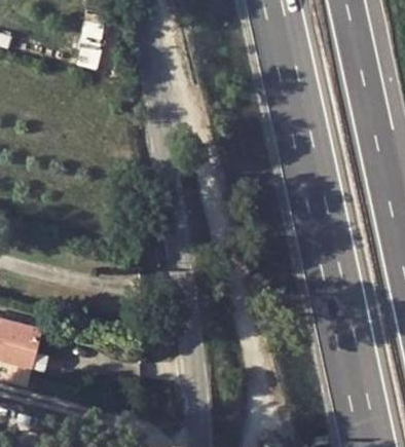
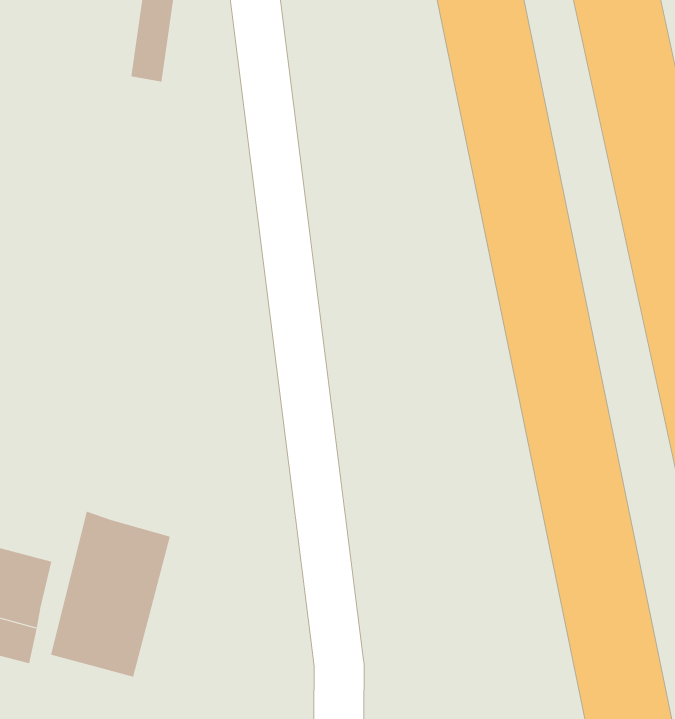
building: none -> [50,511,171,678]

